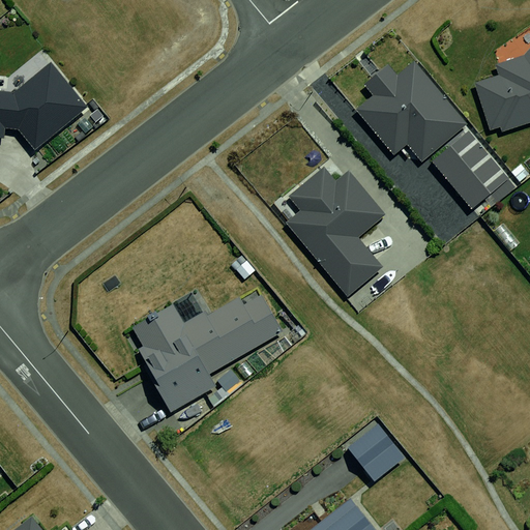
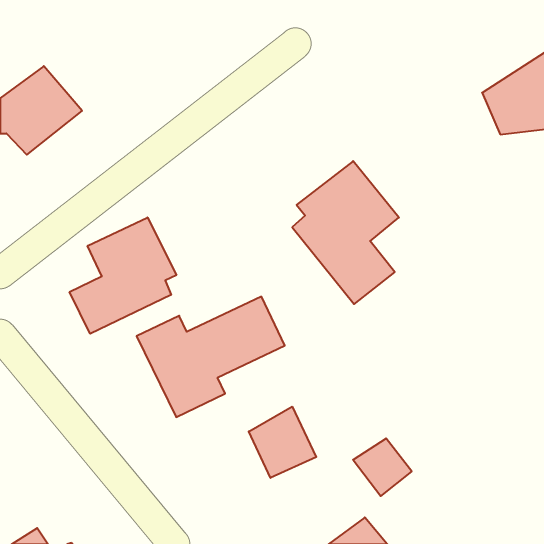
building: [365,64,509,214] -> none
building: none -> [70,217,176,334]
building: none -> [249,407,316,478]

